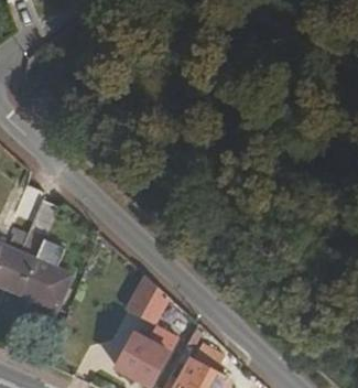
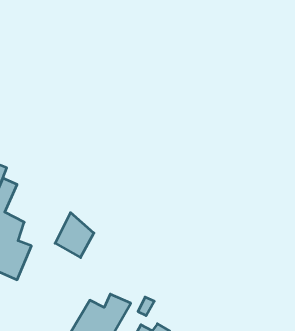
building: [126,274,167,323] -> [55,213,94,258]

